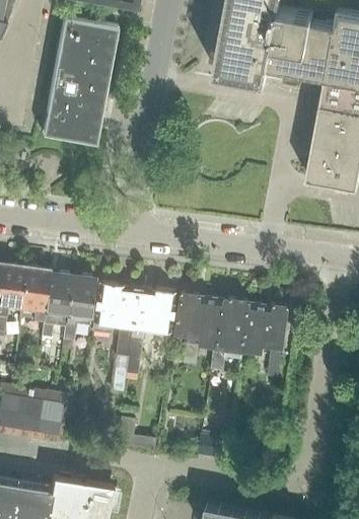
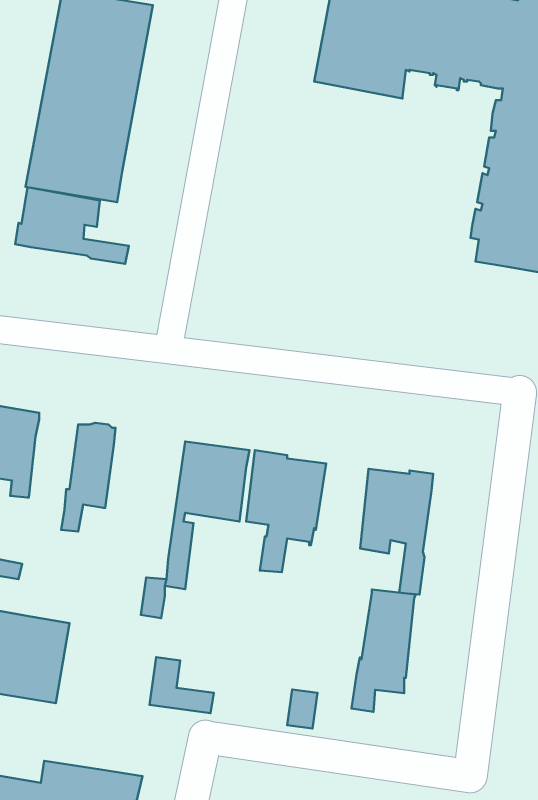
building: none -> [15,187,129,264]
building: [41,273,73,338] -> none
building: [91,282,137,357] -> none
building: [209,298,247,371] -> [351,590,416,712]

